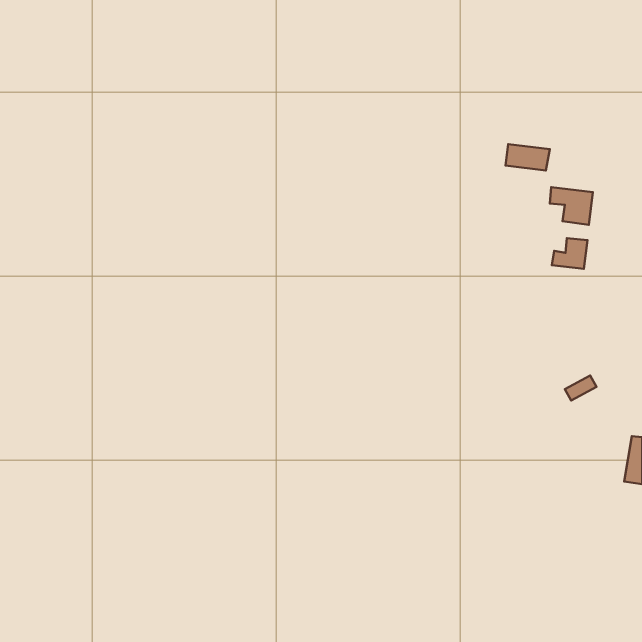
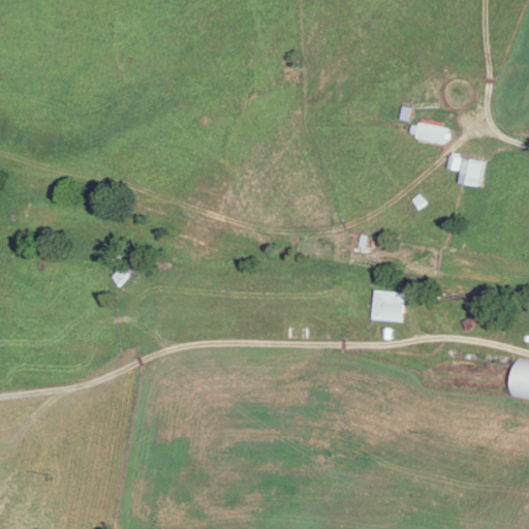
building: [552,238,587,269] -> none
building: none -> [371,291,404,321]

